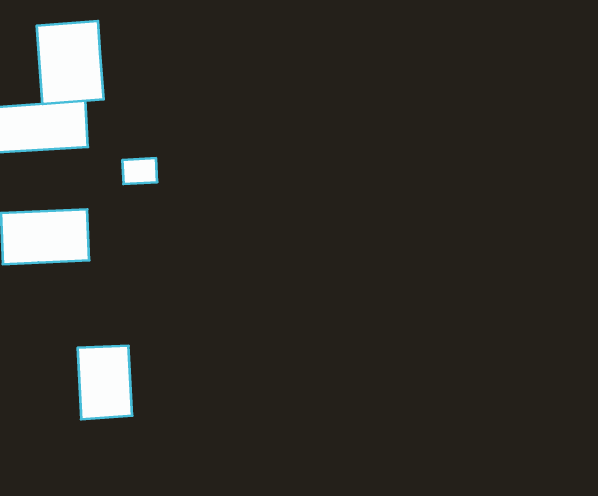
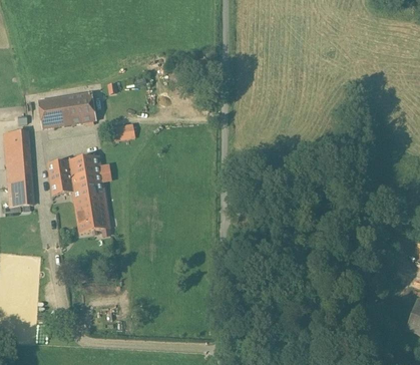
building: [37,21,104,104] -> none
building: [78,346,132,419] -> [72,187,108,233]

